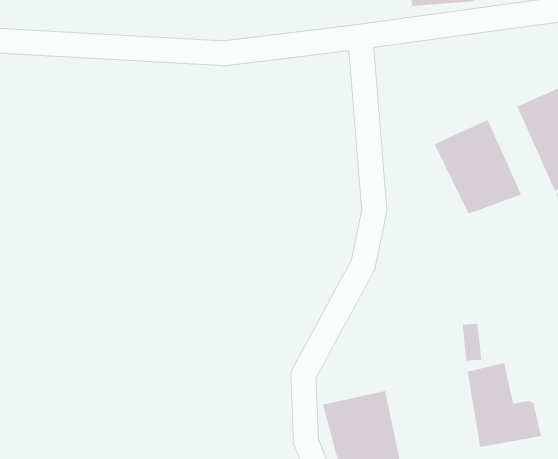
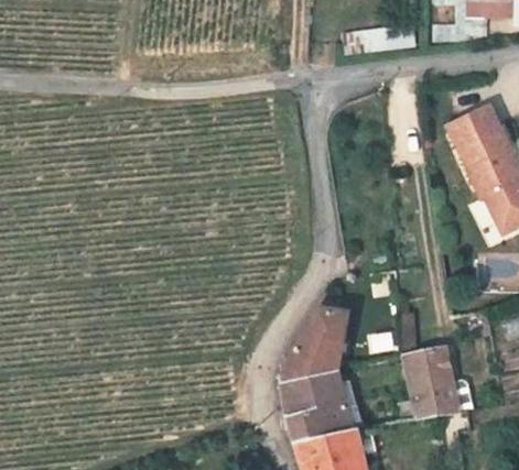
building: [434,119,522,215] -> none
building: none -> [279,296,346,386]

